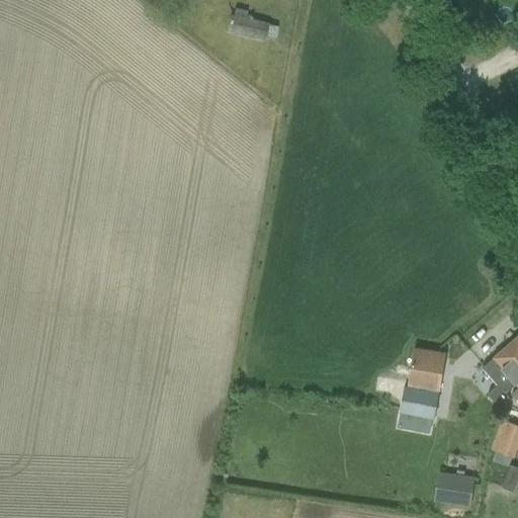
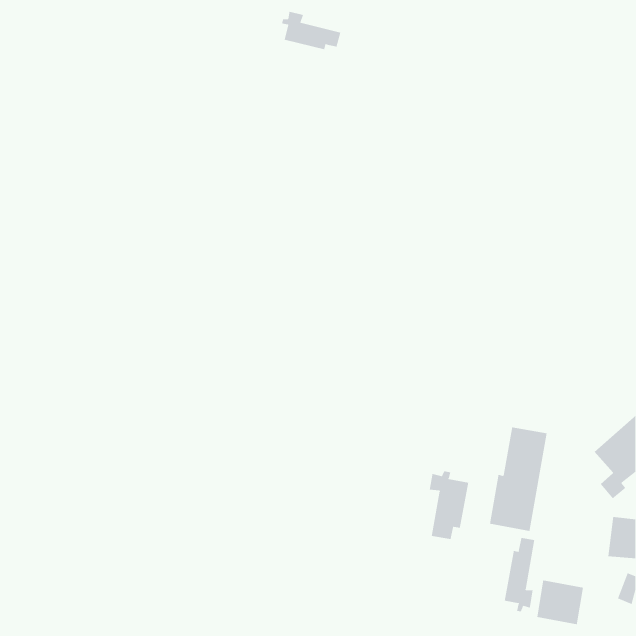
building: none -> [429,471,469,540]
building: none -> [504,537,535,612]

